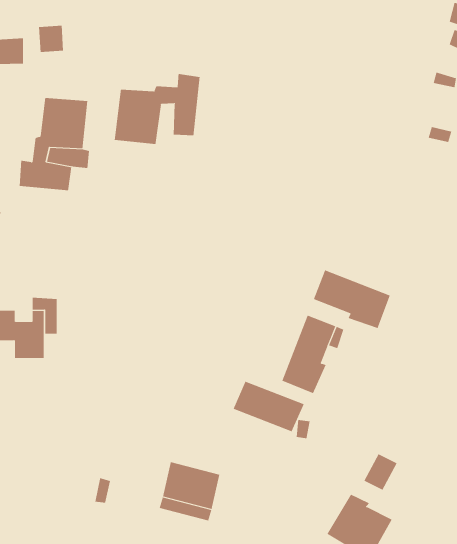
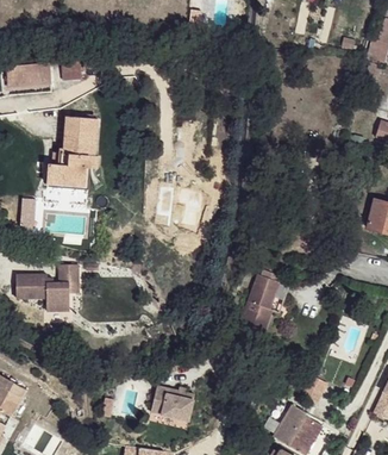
building: [114,73,200,145] -> none
building: [313,270,391,329] -> none
building: [233,381,304,432] -> none

